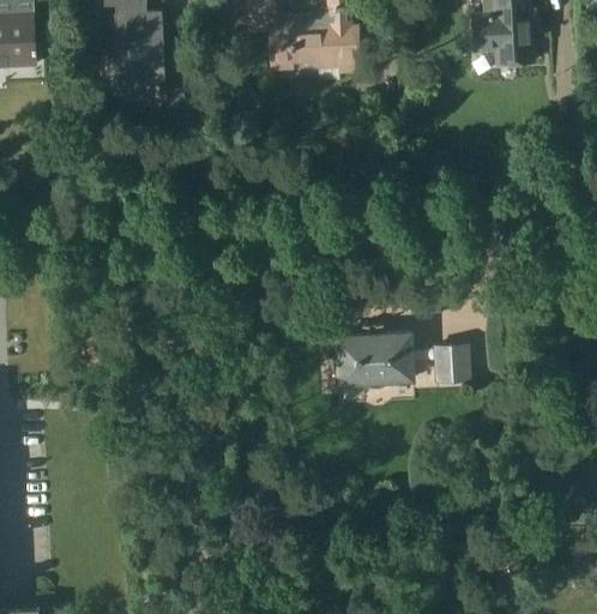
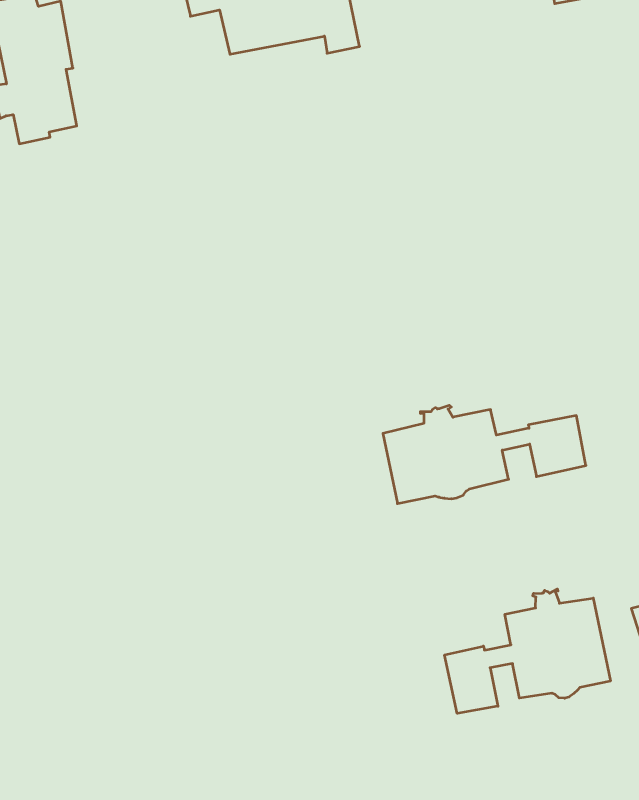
building: none -> [445,589,610,713]

